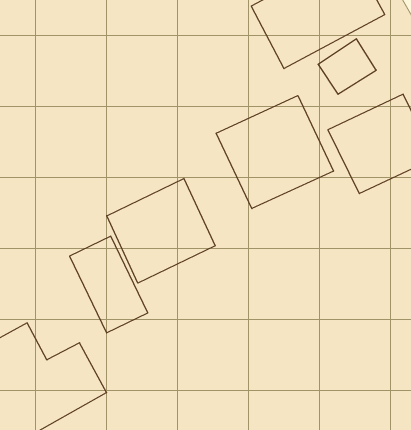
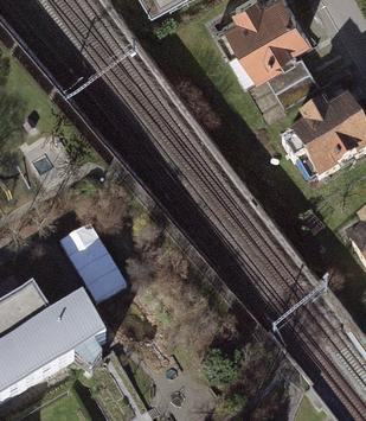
building: [216,96,333,209] -> none
building: [107,178,215,283] -> none

